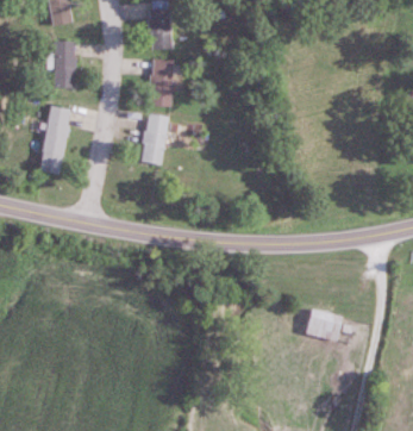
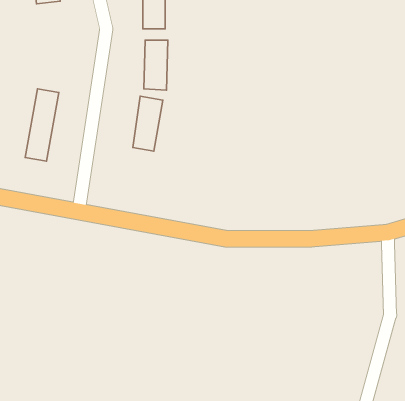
building: [52,42,75,88] -> none
building: [304,308,342,342] -> none

